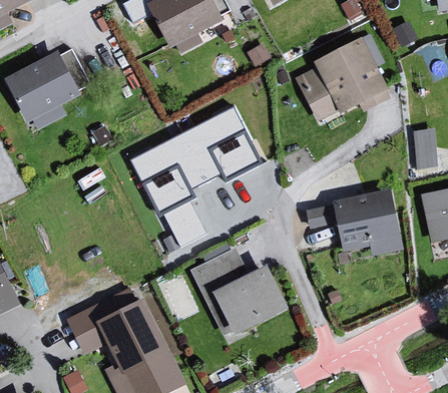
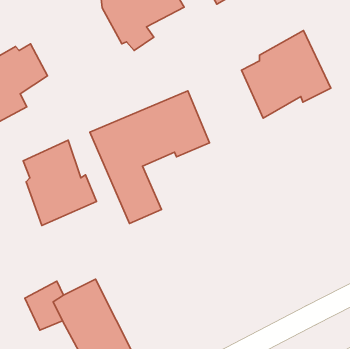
building: none -> [23,140,97,225]
building: [333,190,404,258] -> none
building: [189,249,290,346] -> none

